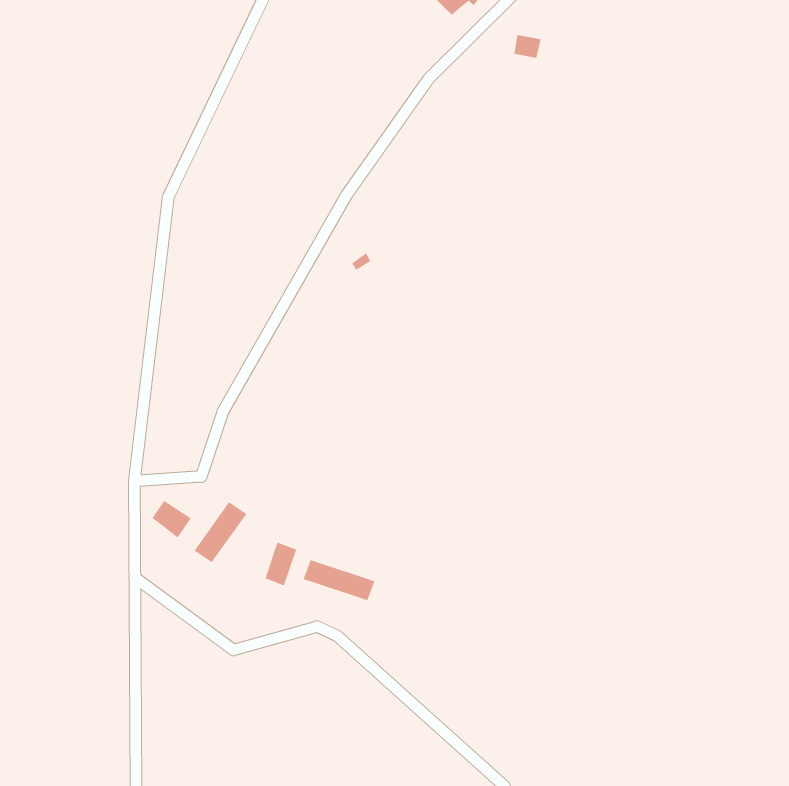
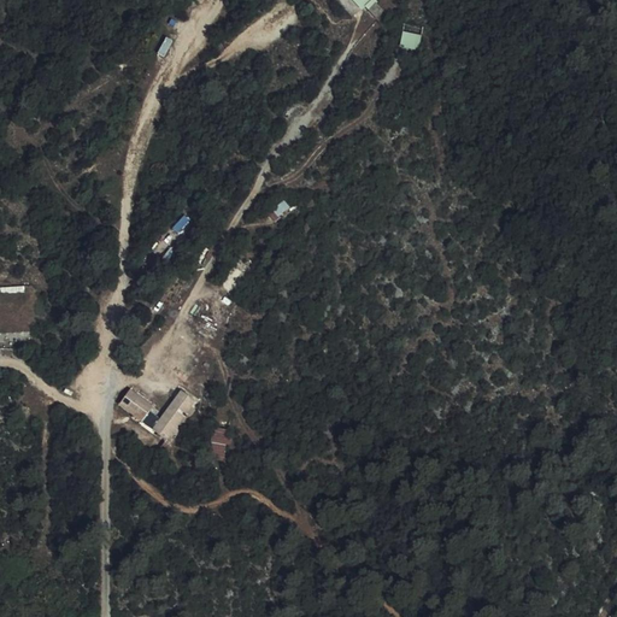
building: [302,559,375,601] -> none

